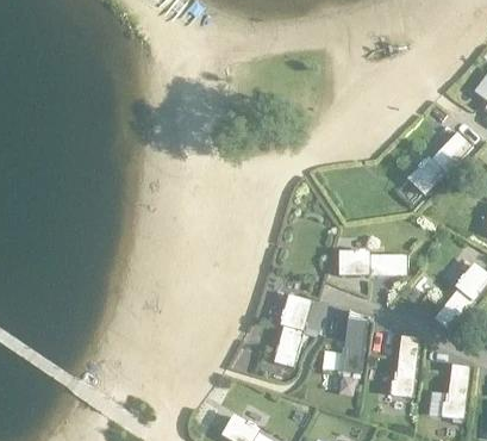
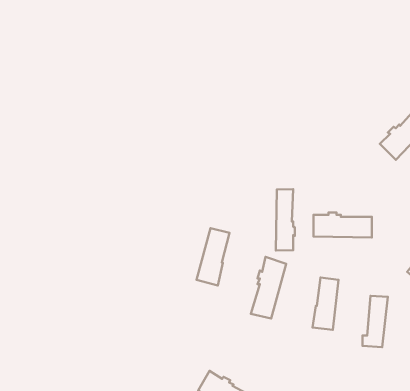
building: none -> [276,189,295,251]
building: none -> [196,228,230,286]

